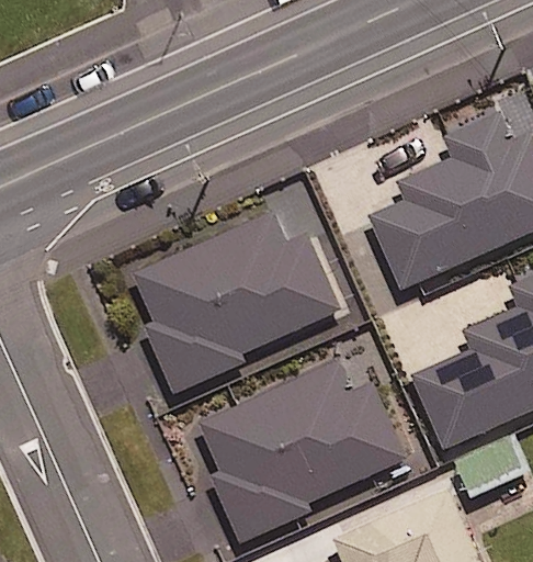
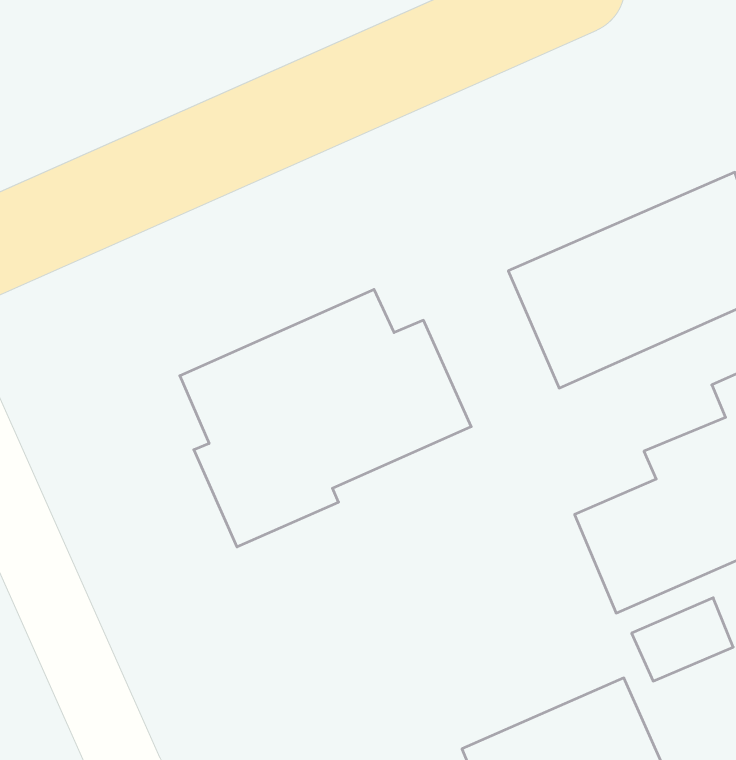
building: [197,360,408,544] -> none

